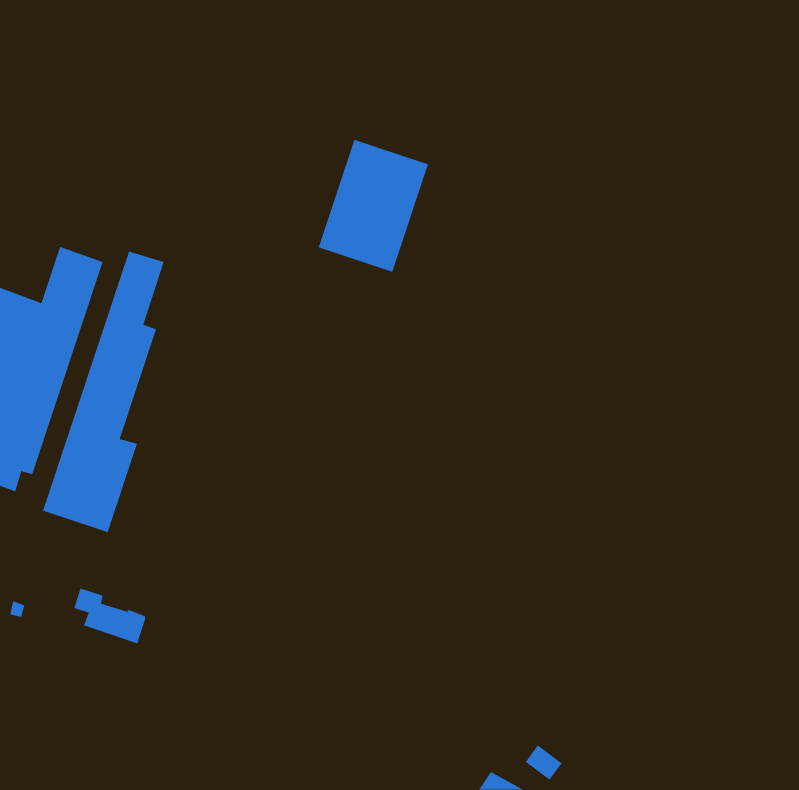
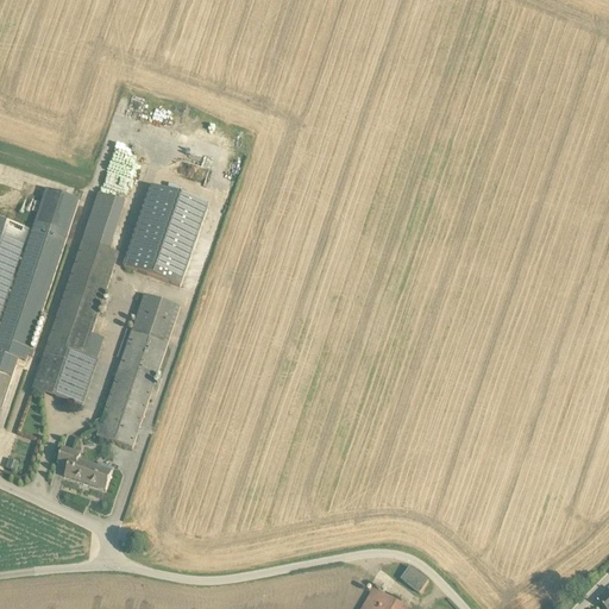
building: [318,139,429,272] -> [123,183,207,284]
building: none -> [95,293,178,446]

